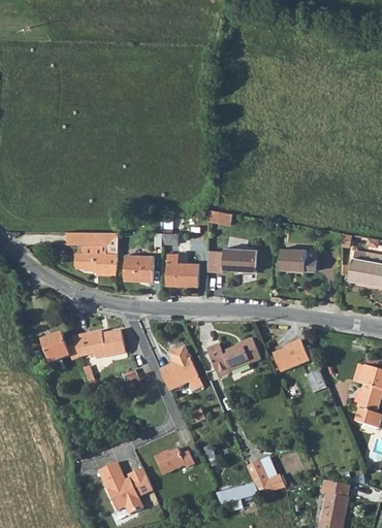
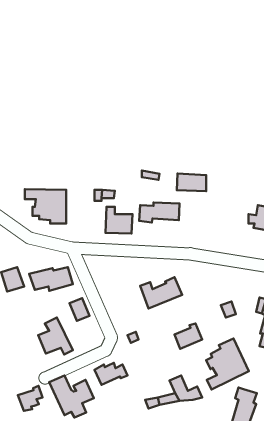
building: [281,249,317,270] -> [177,173,206,191]
building: [124,256,154,280] -> none
building: [275,341,309,372] -> [174,324,202,349]
building: [160,346,202,392] -> [38,317,73,354]
building: none -> [206,338,249,390]
building: none -> [18,386,43,411]

